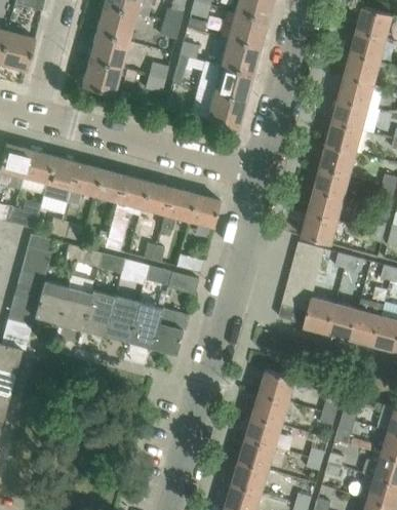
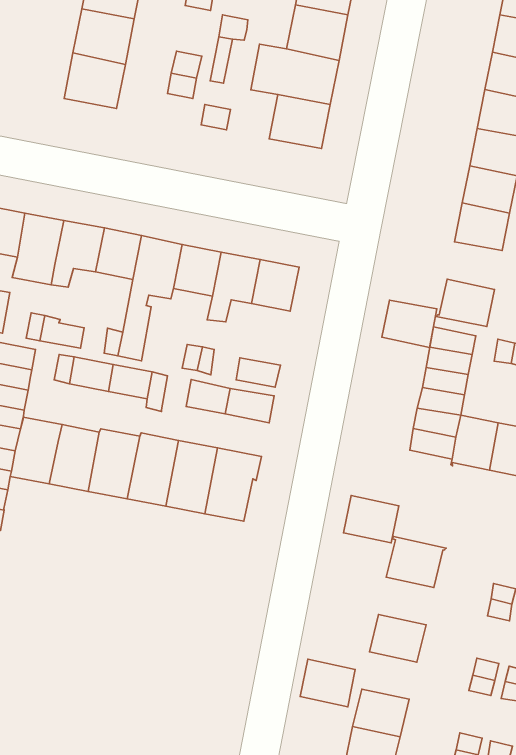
building: [309,191,344,222] -> [382,300,437,348]
building: [253,394,288,425] -> [344,495,399,543]
building: [240,439,275,470] -> [300,659,355,707]

